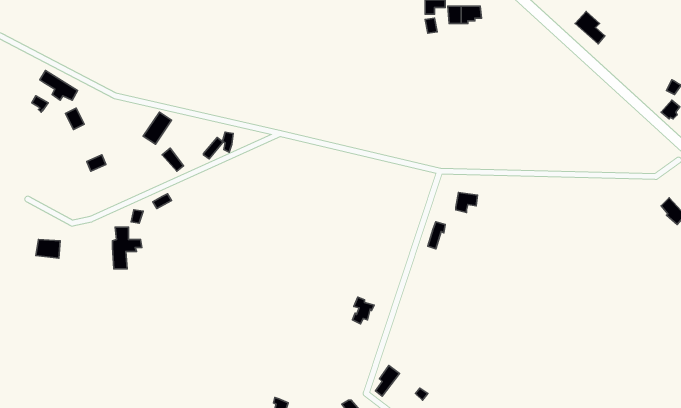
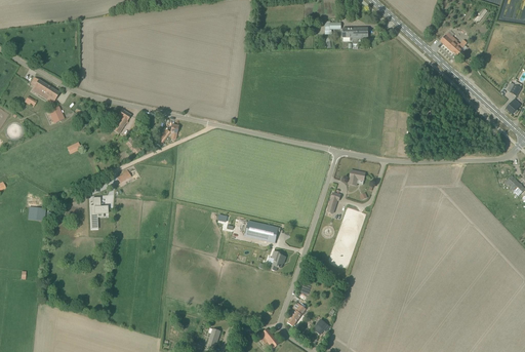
building: none -> [245,221,278,242]

